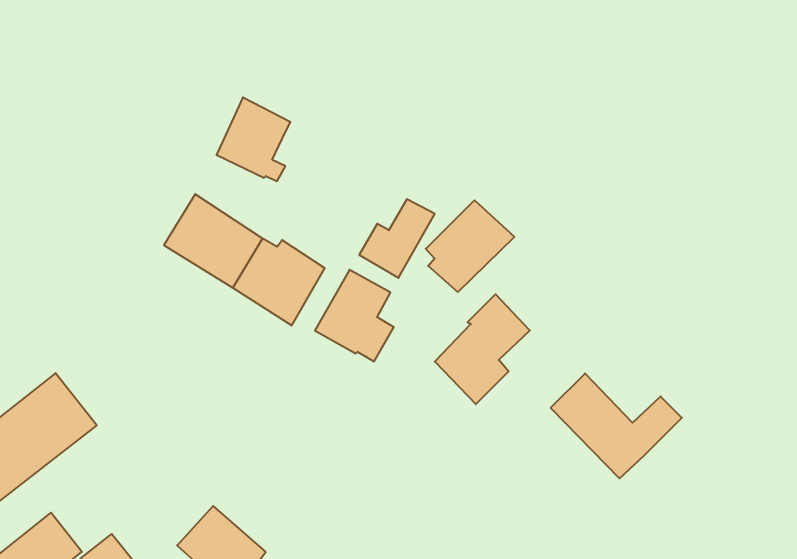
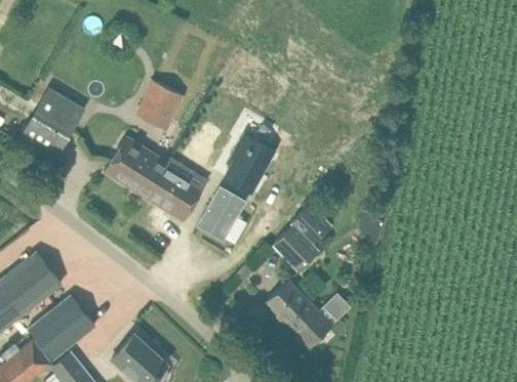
building: none -> [18,88,82,160]
building: [426,200,514,292] -> none
building: [551,373,682,478] -> [267,280,349,345]
building: none -> [28,295,95,359]

